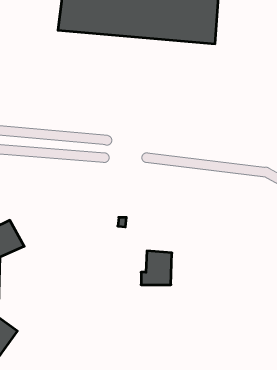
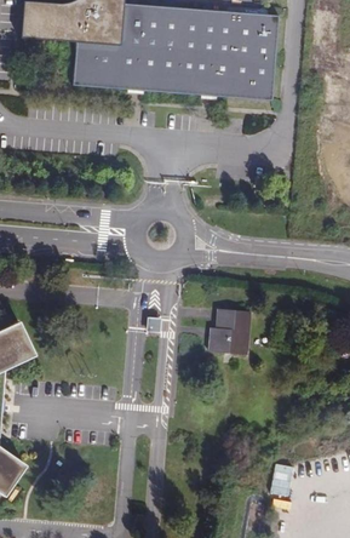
building: [141,251,172,285] -> [211,309,249,351]

